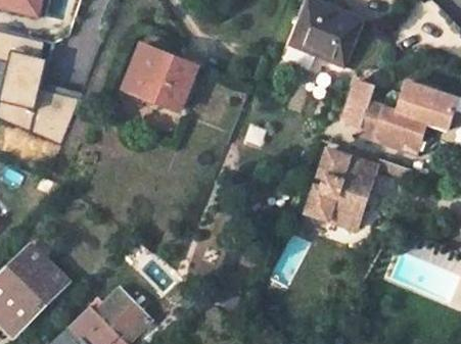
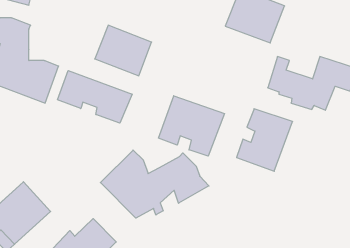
building: none -> [57,71,132,123]
building: none -> [158,96,225,156]
building: none -> [100,150,209,218]

